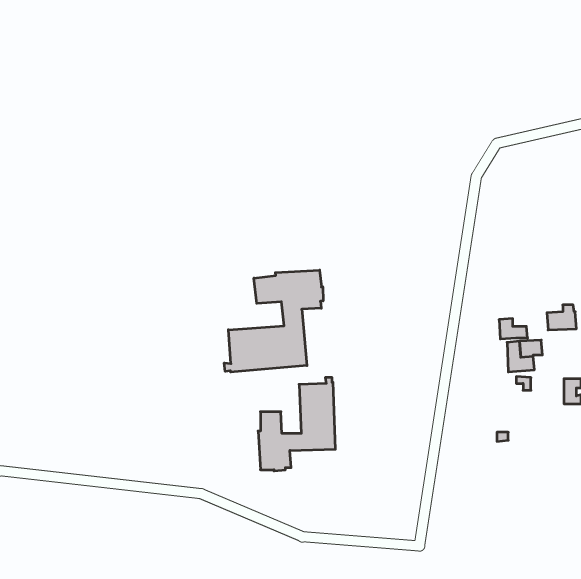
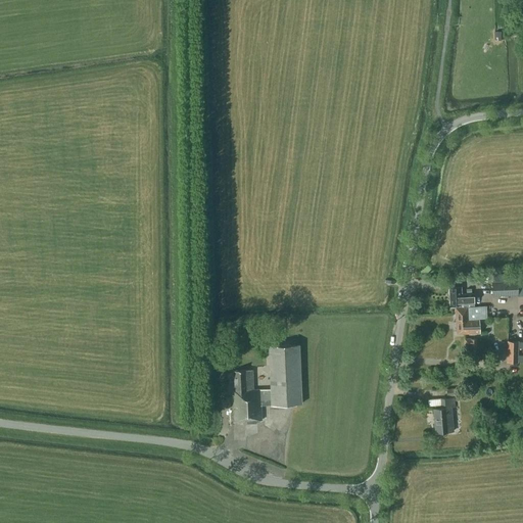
building: [224,270,323,372] -> none
building: none -> [433,399,455,434]

